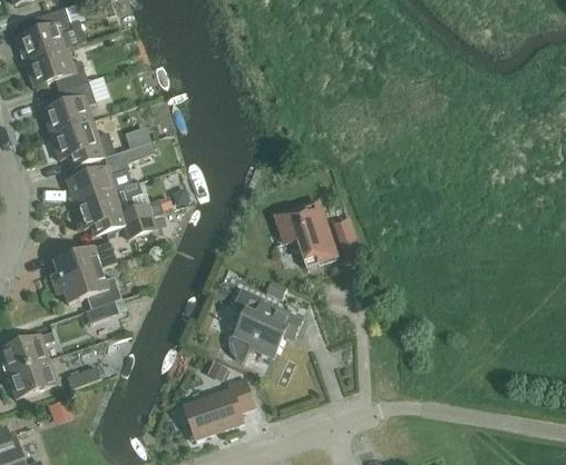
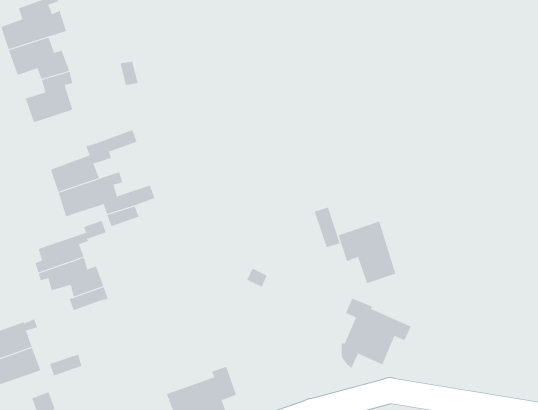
building: [50,119,114,167] -> none
building: [275,199,334,263] -> [338,221,396,284]
building: [230,288,301,359] -> [341,298,411,368]

